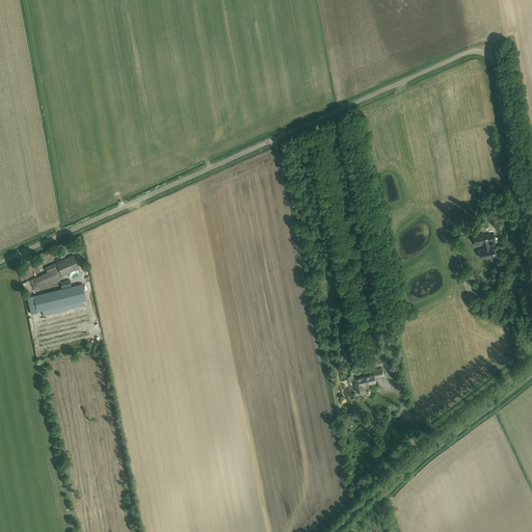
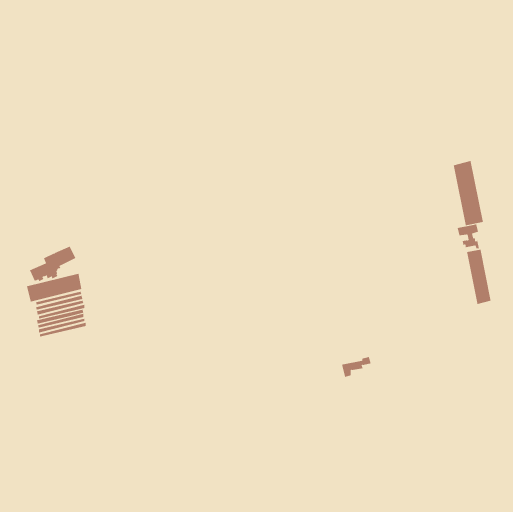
building: none -> [453,160,483,226]
building: none -> [466,249,491,305]

